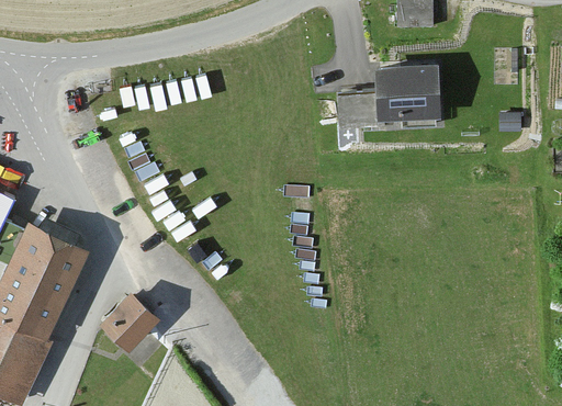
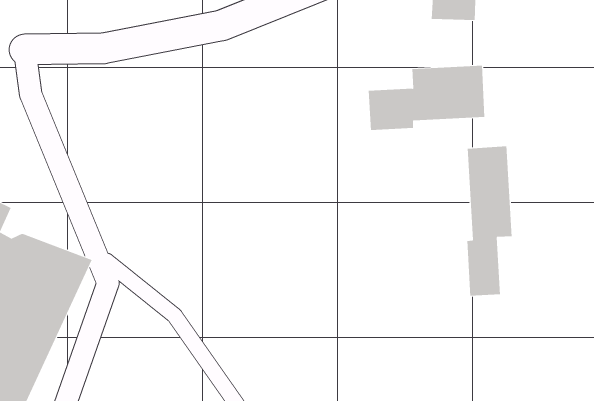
building: none -> [467,146,512,296]
building: [94,294,153,352] -> none

